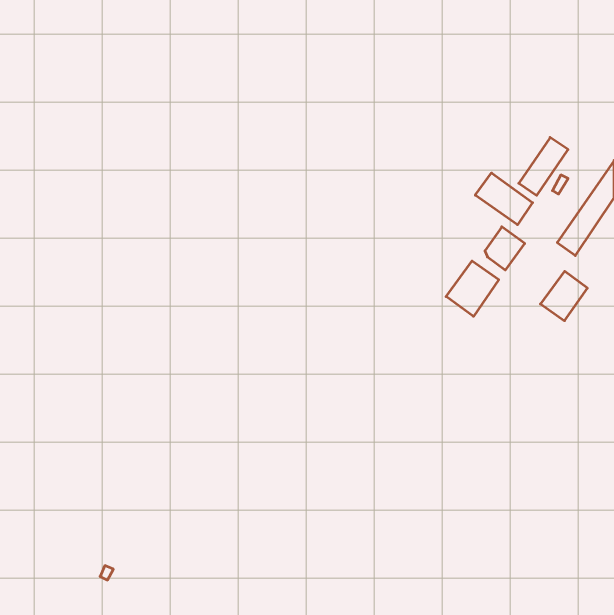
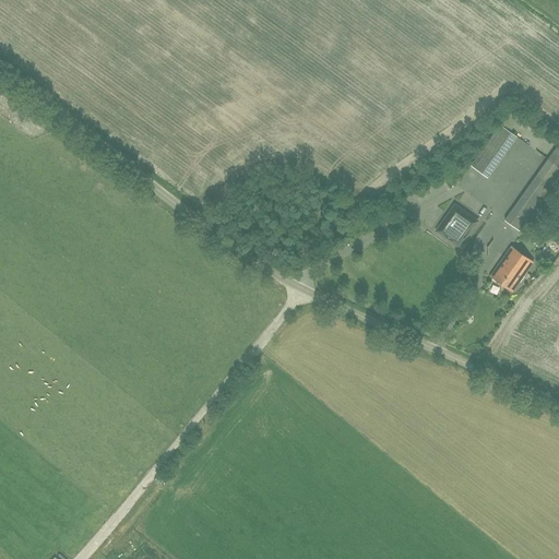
building: [475,173,533,225] -> none
building: [446,261,499,316] -> none

